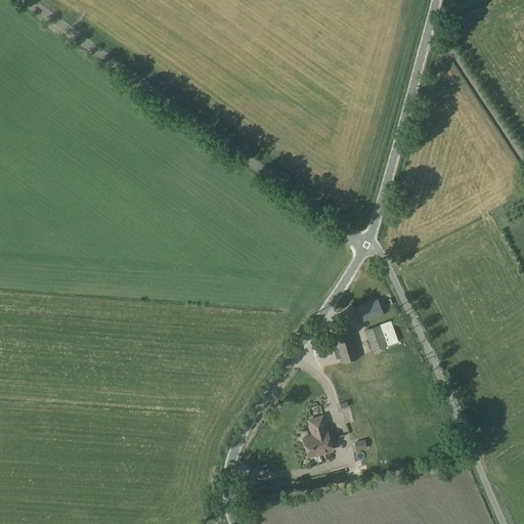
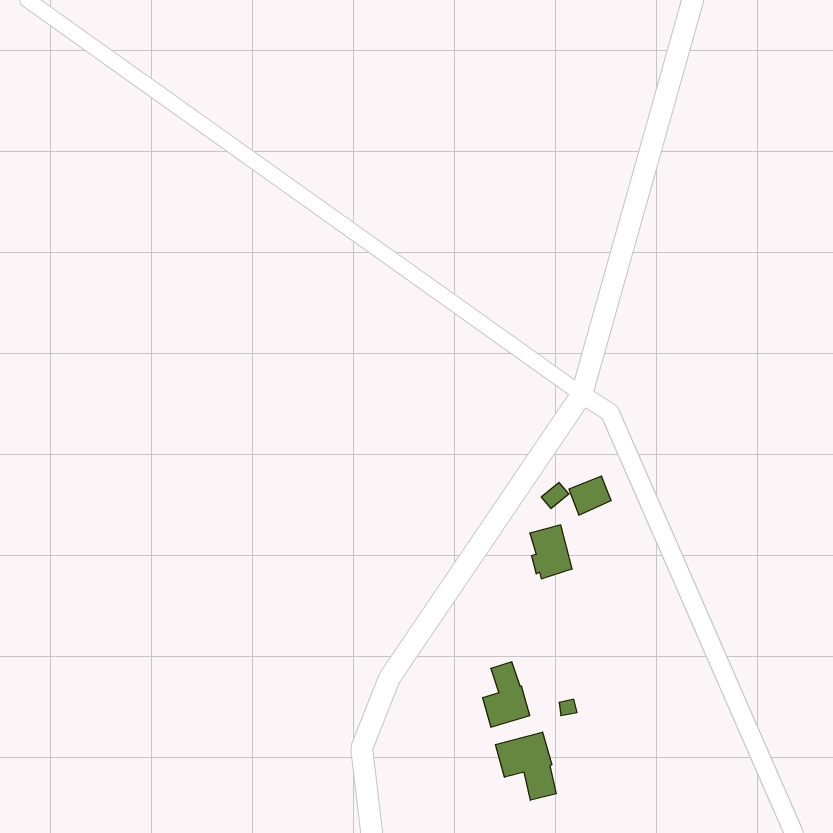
building: [364,320,398,351] -> none
building: none -> [495,732,556,800]

